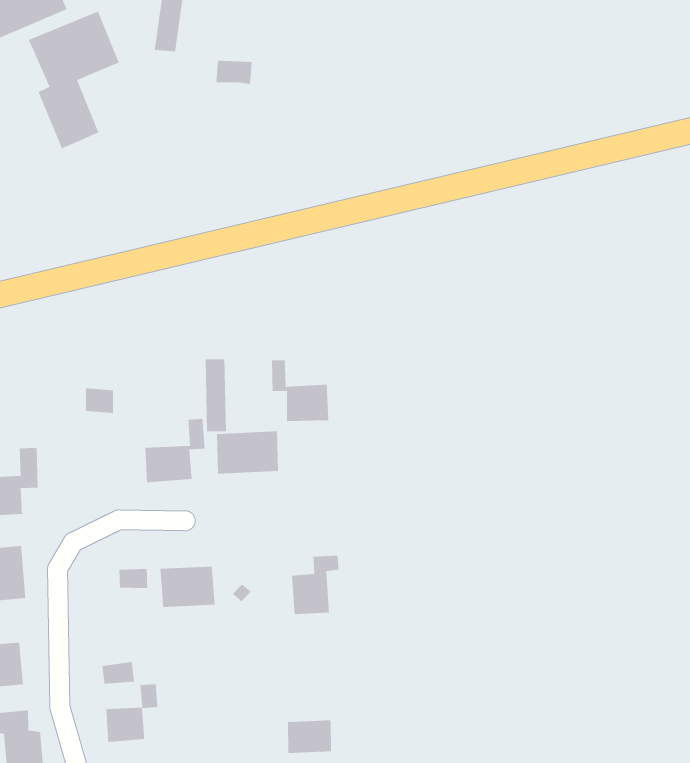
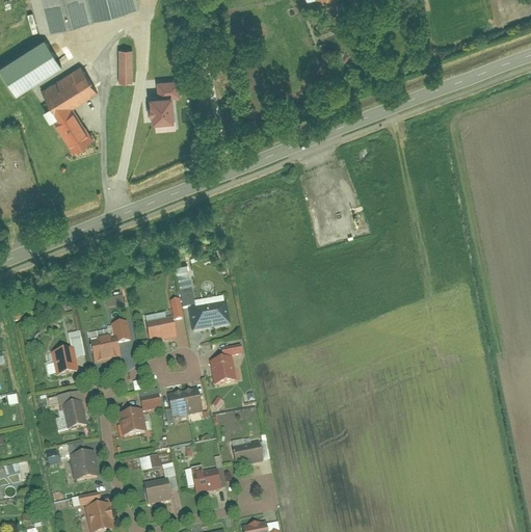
building: none -> [151,90,175,117]
building: [271,360,329,422] -> none
building: none -> [90,320,133,363]
building: [291,555,339,615] -> [211,346,240,387]
building: none -> [117,409,140,436]
building: none -> [193,470,222,494]
building: [287,719,332,754] -> [233,442,263,467]

